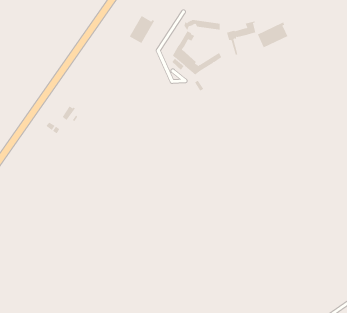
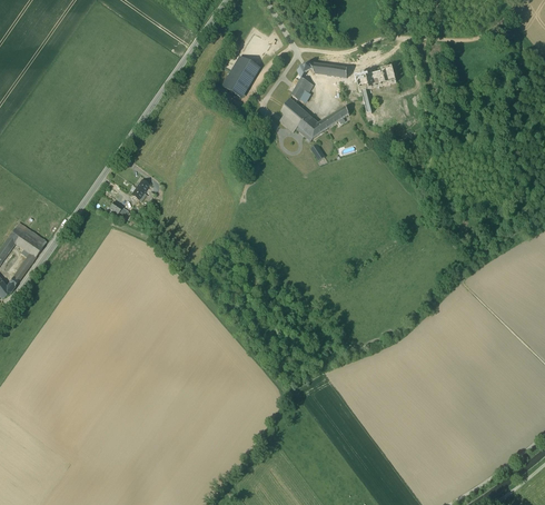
building: [257,22,288,48] -> none

